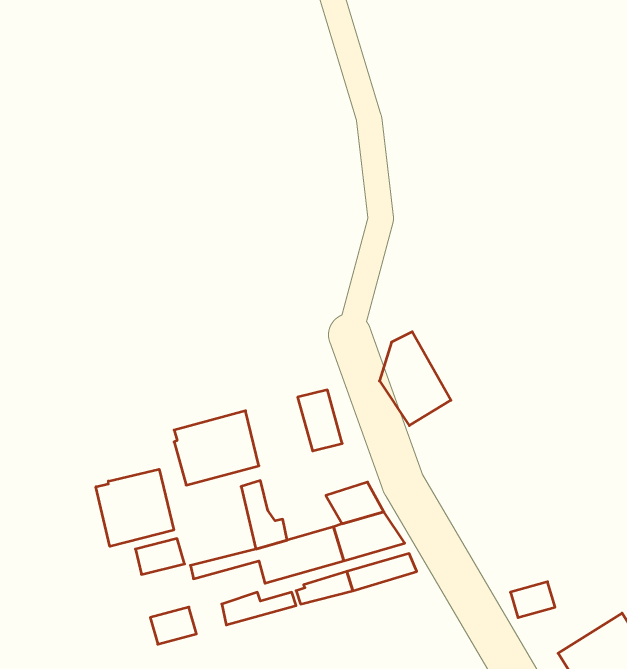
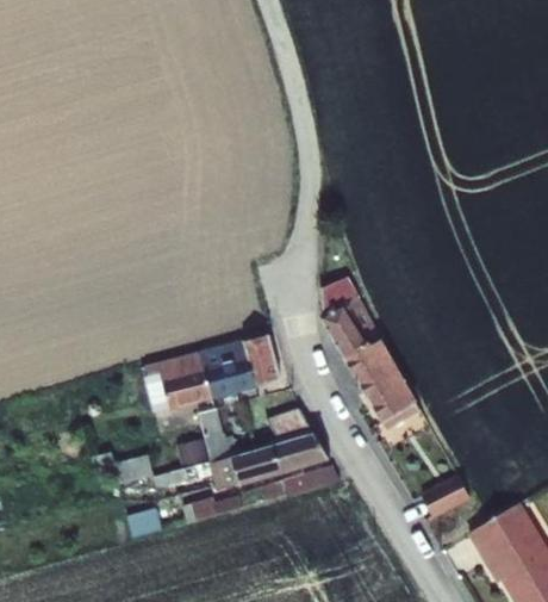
building: none -> [212,337,266,392]
building: none -> [343,340,416,427]
building: [96,469,174,546] -> none

